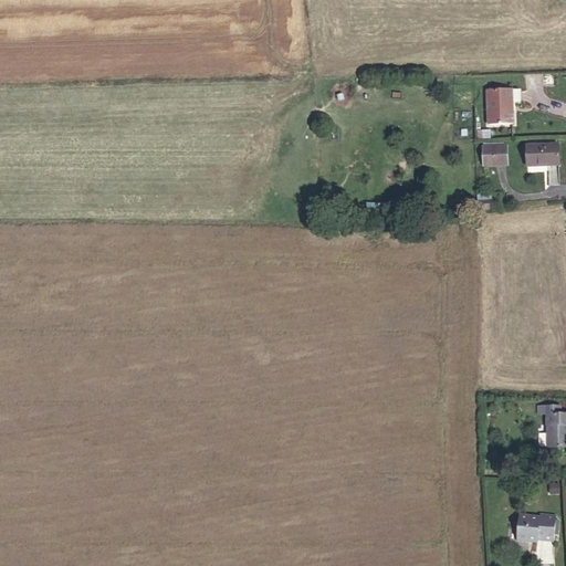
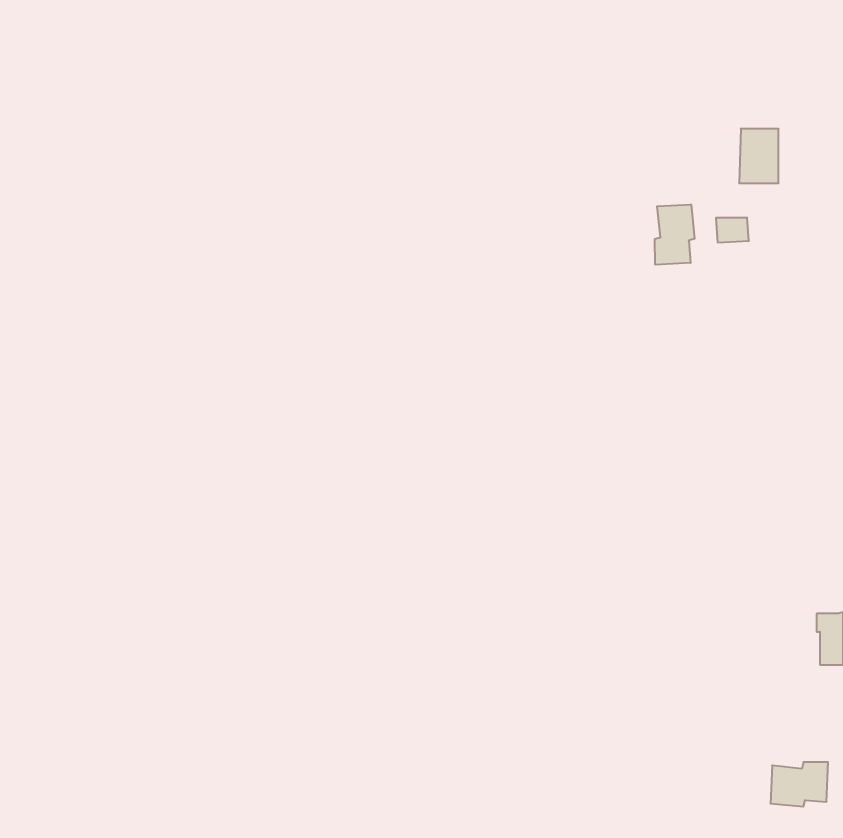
building: none -> [655,204,695,265]
building: [522,144,555,167] -> none

